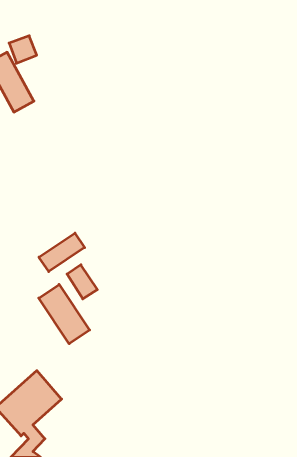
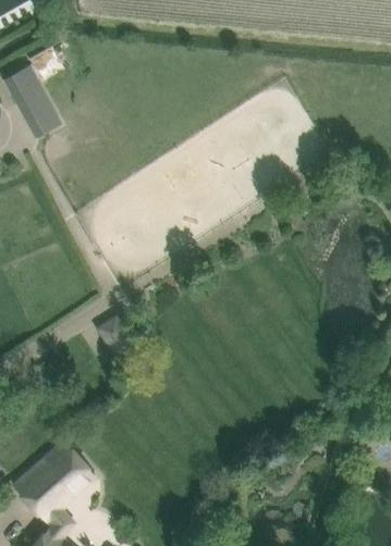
building: [39,233,85,272] -> none
building: [39,284,90,344] -> none

